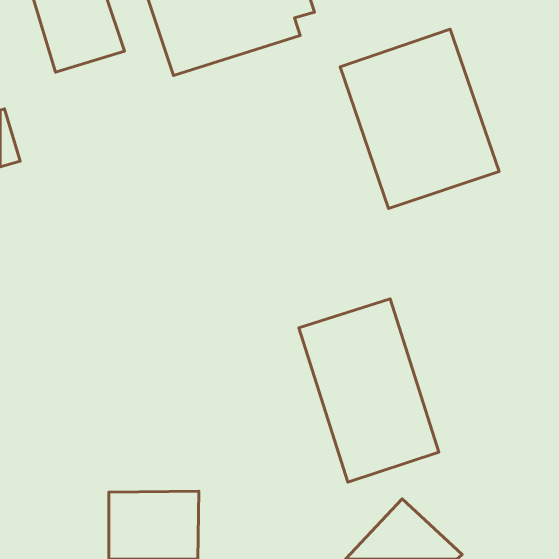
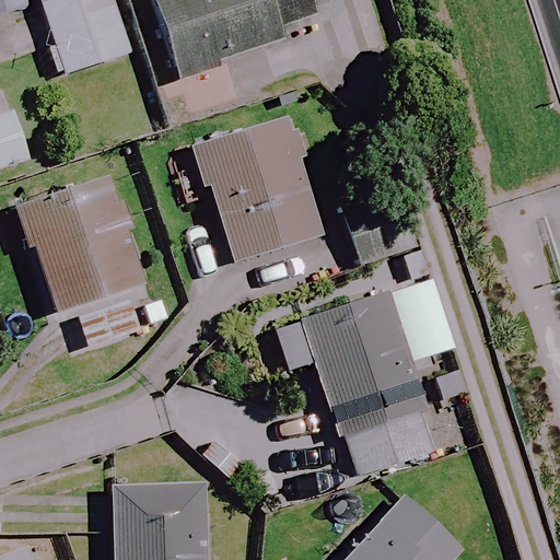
building: [340,29,499,208] -> none
building: none -> [195,120,324,262]
building: none -> [24,184,150,346]

